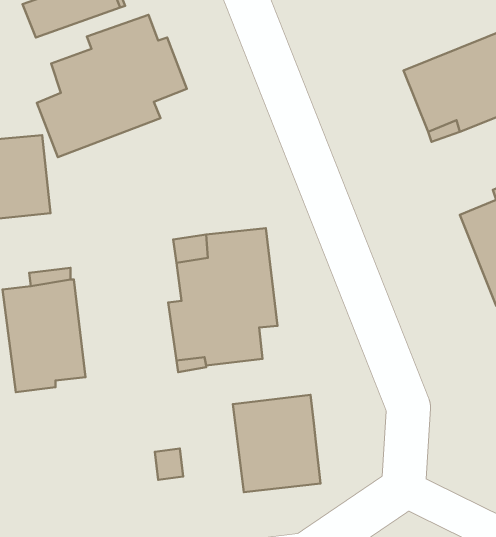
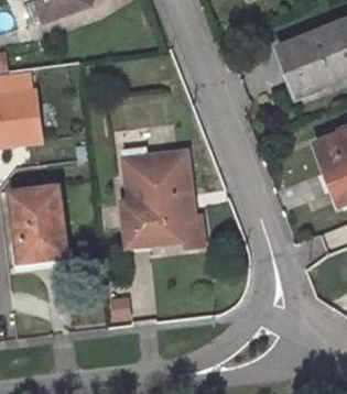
building: [37,15,187,157] -> none
building: [233,395,320,492] -> none

